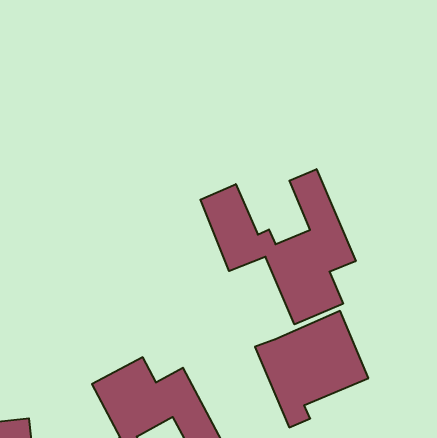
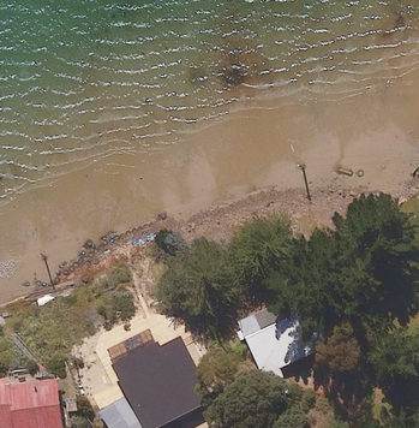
building: [200,169,356,324] -> none

